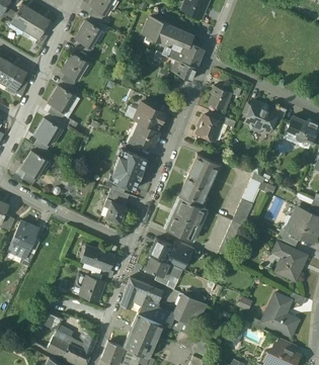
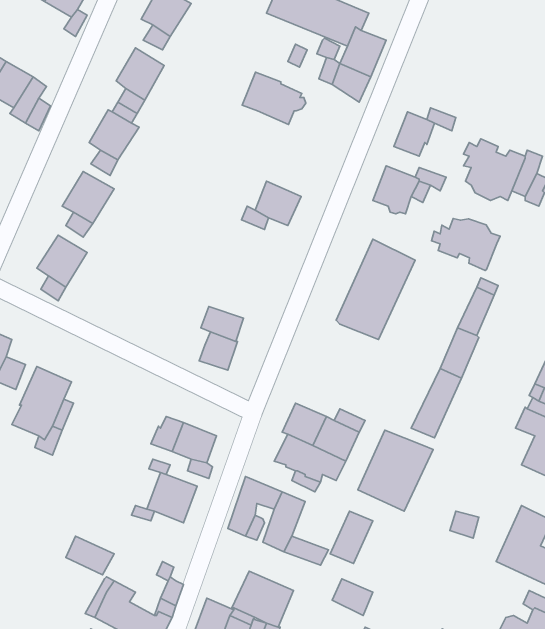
building: [133,102,166,129] -> [242,72,306,124]
building: none -> [431,218,500,270]
building: [107,148,146,189] -> none
building: [165,197,205,240] -> [358,430,433,511]
building: [132,312,161,337] -> none

